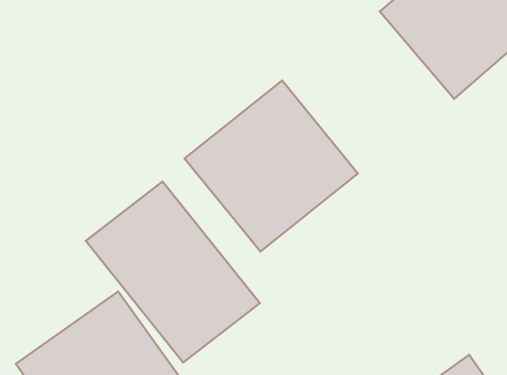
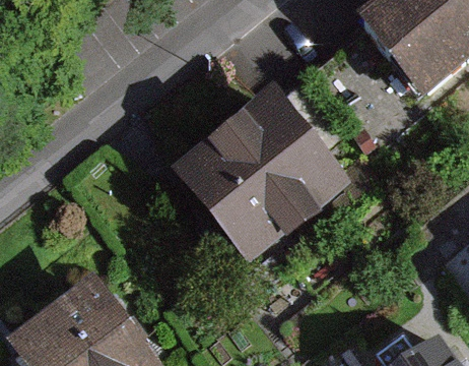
building: [86,182,260,363] -> none

